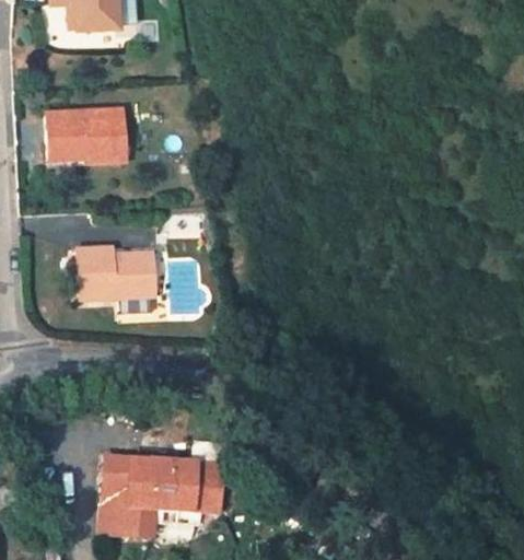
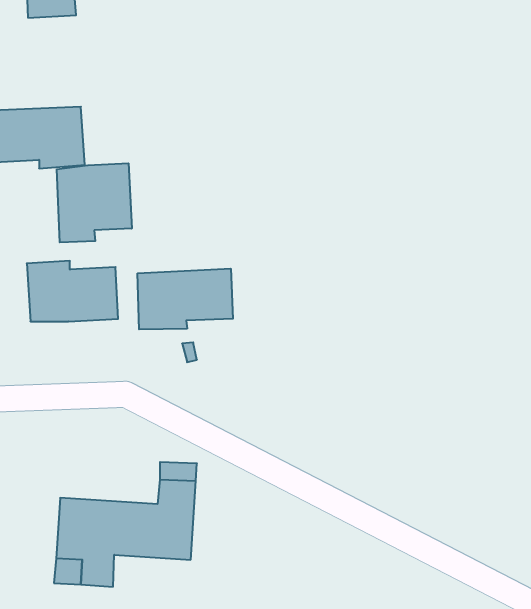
building: none -> [57,163,132,242]
building: none -> [138,269,233,329]

